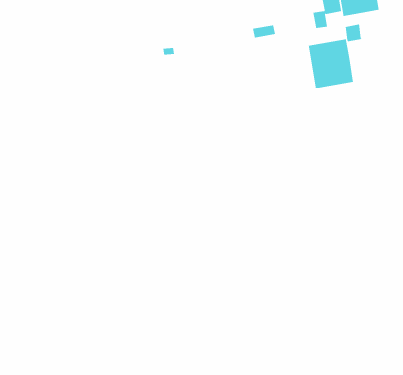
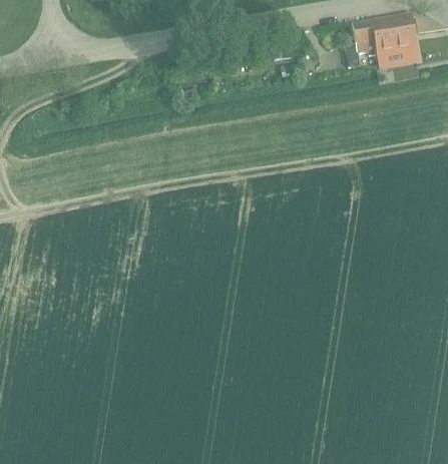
building: [308,38,353,89] -> none

